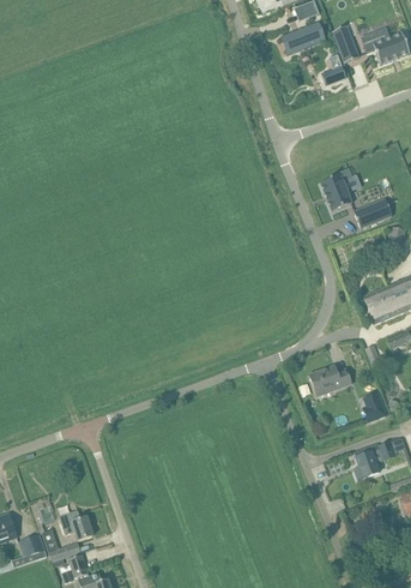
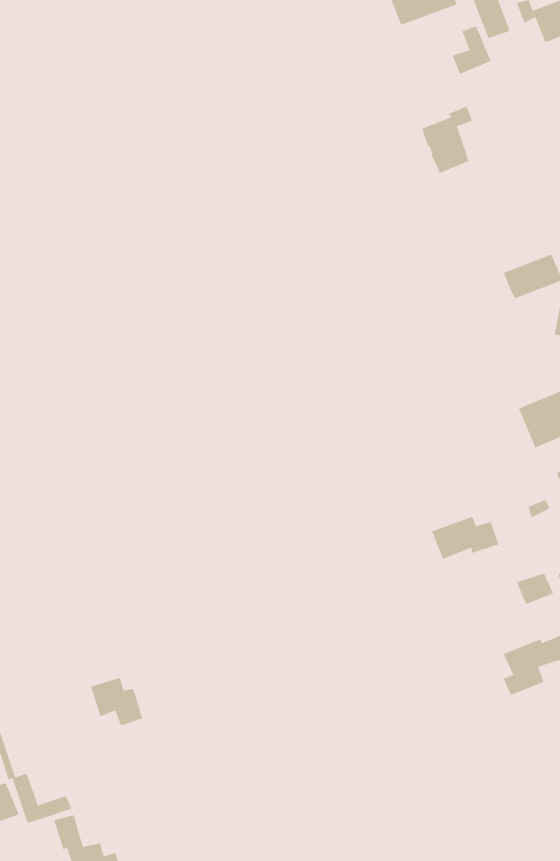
building: [320,168,352,211] -> [422,106,473,174]
building: [59,509,92,540] -> [90,677,143,726]

